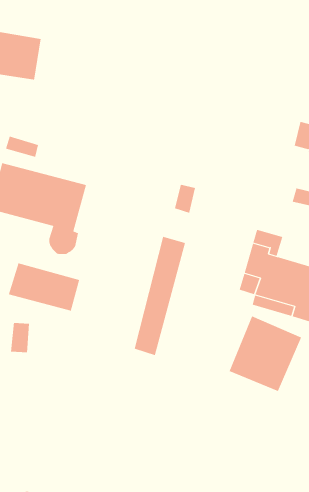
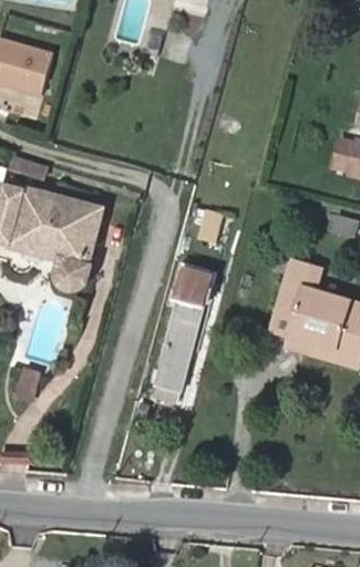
building: [8,263,80,312] -> none
building: [229,316,302,392] -> none

